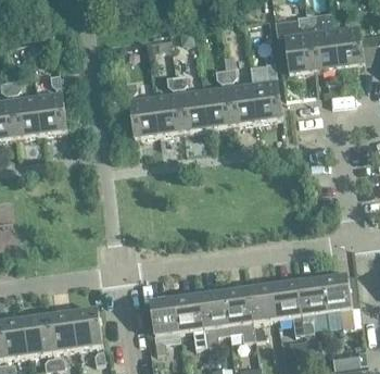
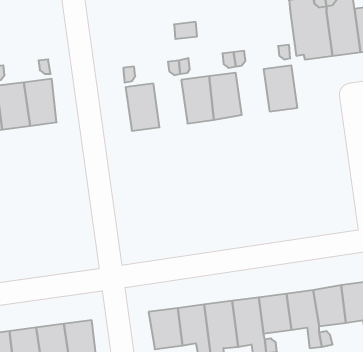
building: [228,83,258,124] -> none
building: [154,92,185,135] -> none

